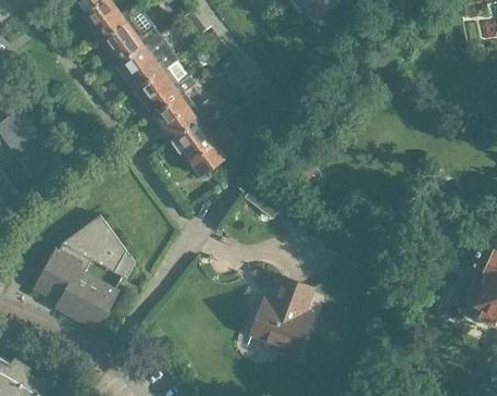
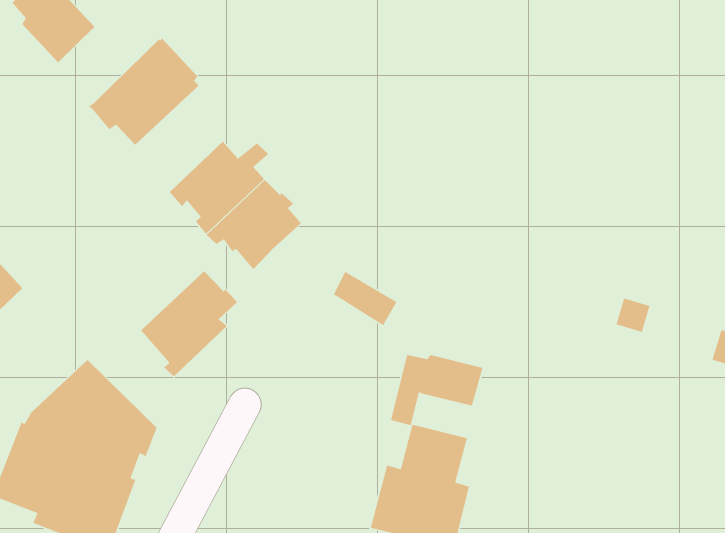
building: [98,18,162,66] -> none
building: [140,64,199,124] -> [140,270,238,377]
building: none -> [390,354,483,426]

